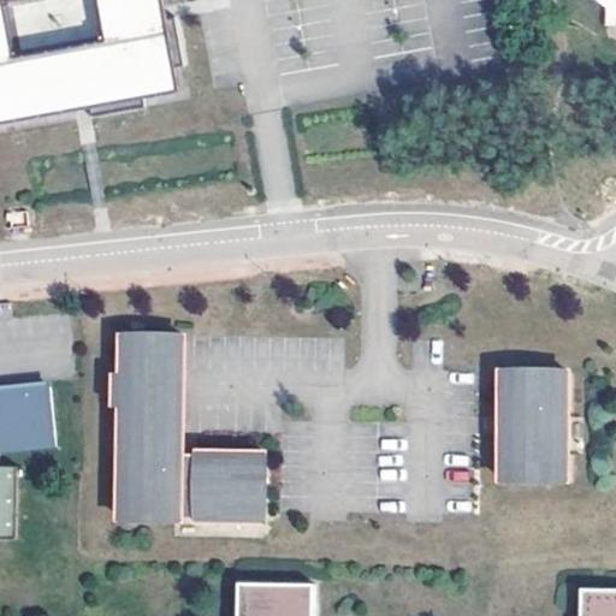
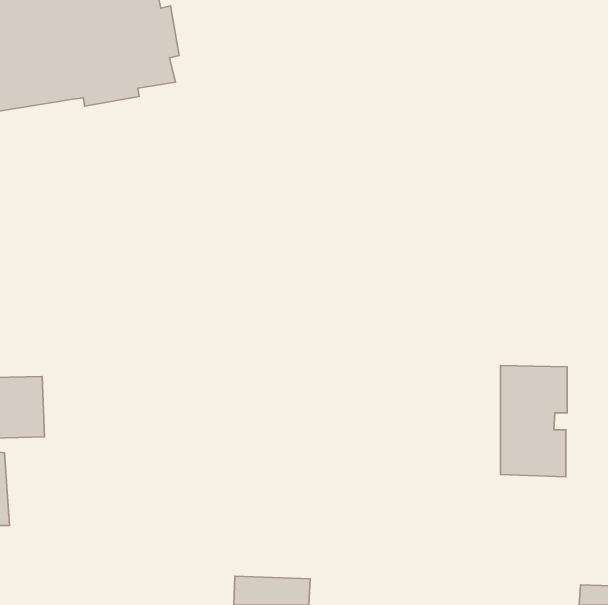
building: [114,333,262,520] -> none

